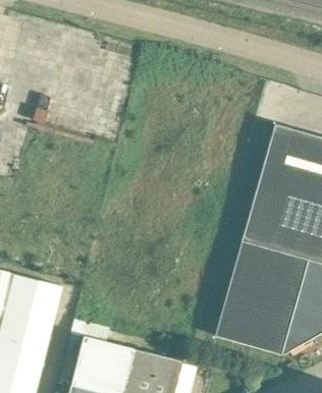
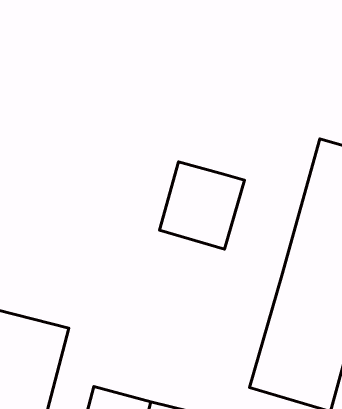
building: none -> [160,162,245,249]

